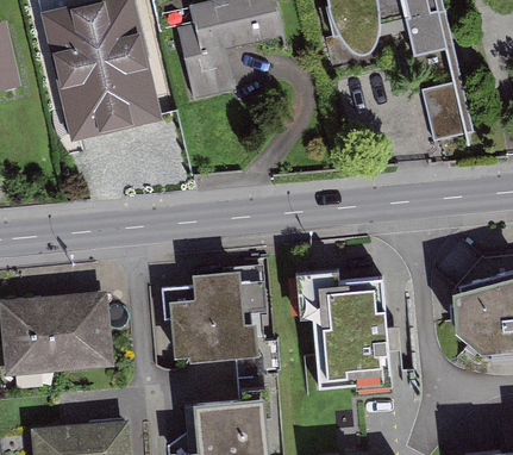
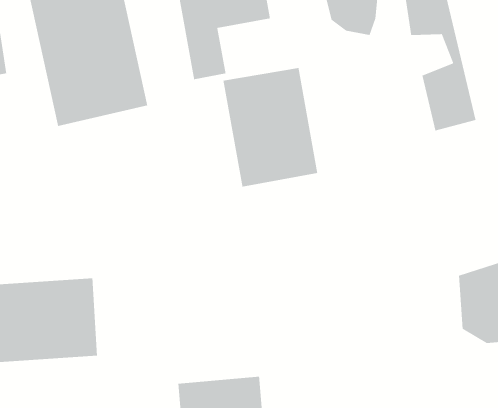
building: none -> [222,67,318,188]
building: [163,266,262,355] -> none
building: [309,274,388,385] -> none

